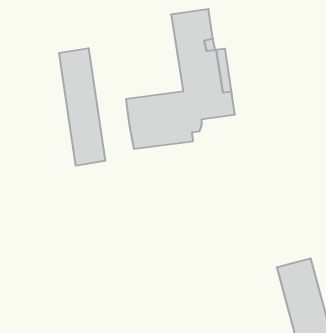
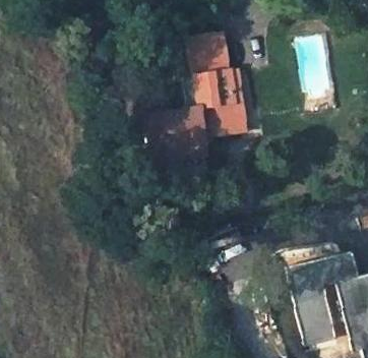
building: [59,48,105,166] -> none

